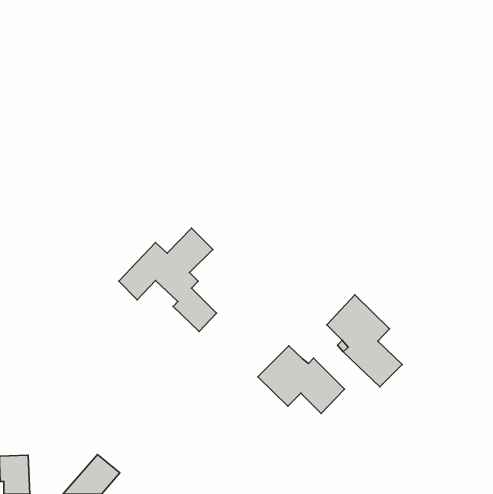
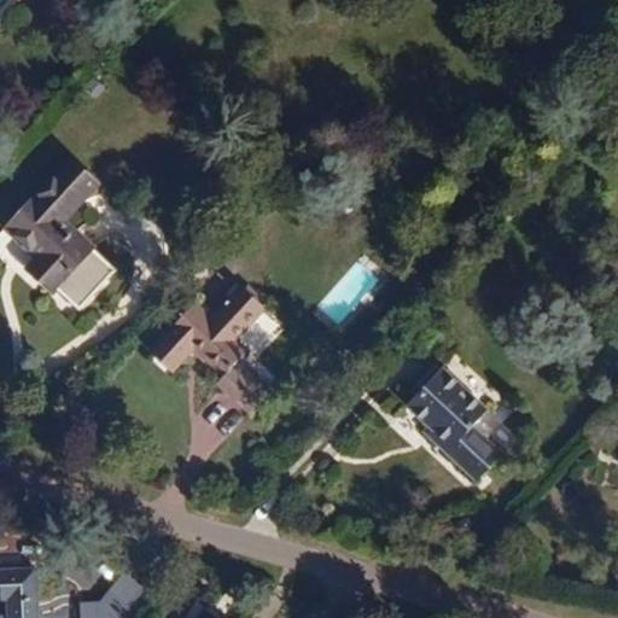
building: none -> [5,159,117,309]
building: [258,346,344,413] -> none

